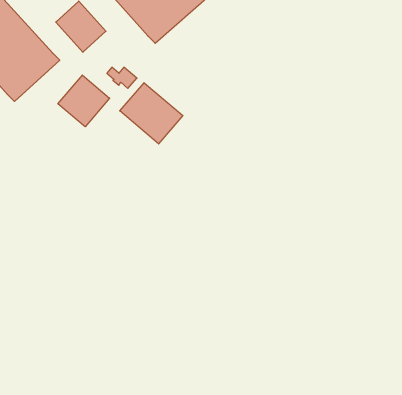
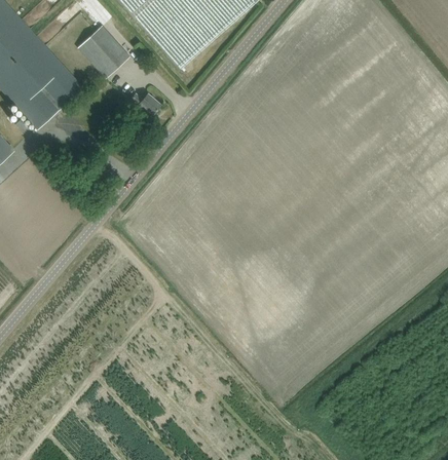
building: [58,75,110,127] -> none
building: [120,83,183,144] -> none

